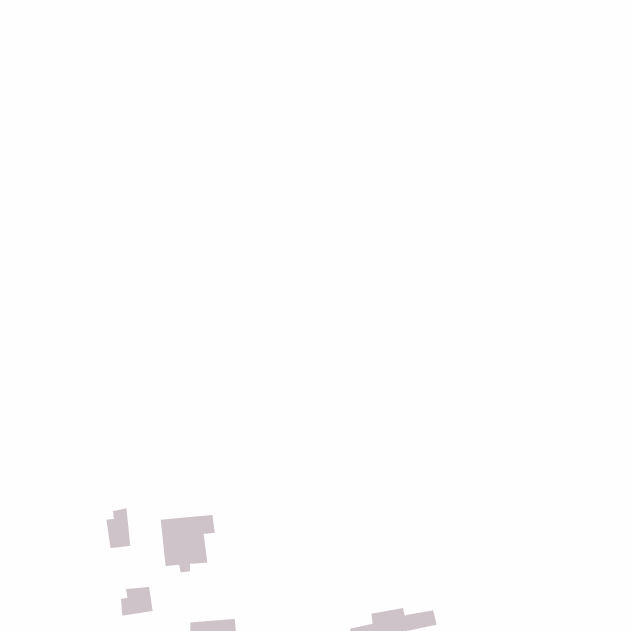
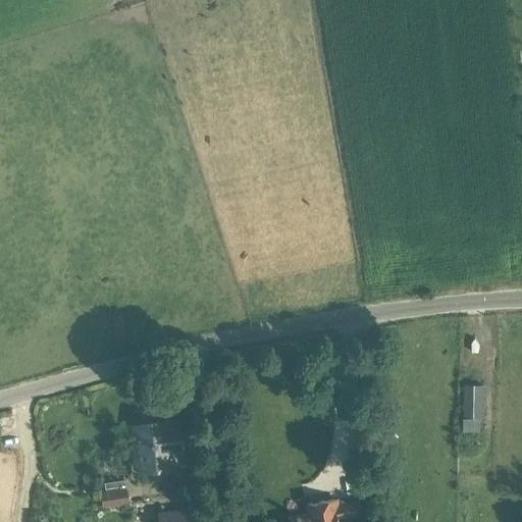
building: none -> [462,386,485,434]
building: [106,508,131,549] -> none

